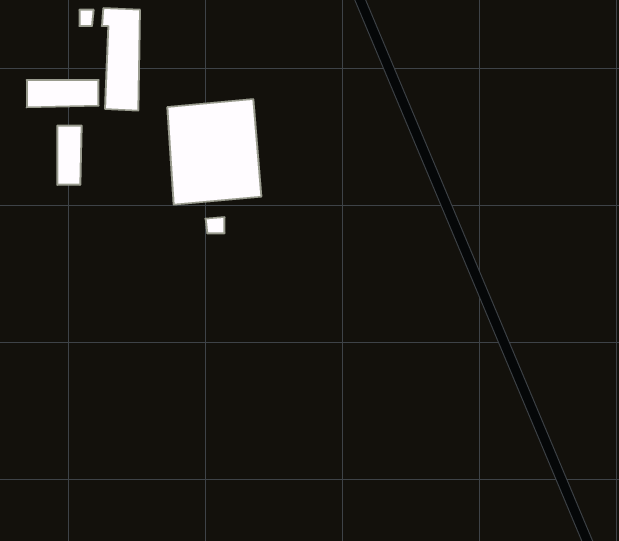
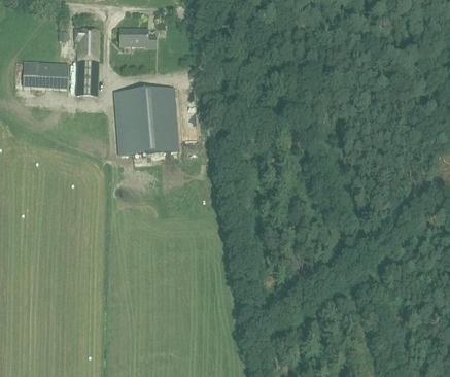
building: none -> [119,27,157,45]
building: [57,126,82,185] -> none

